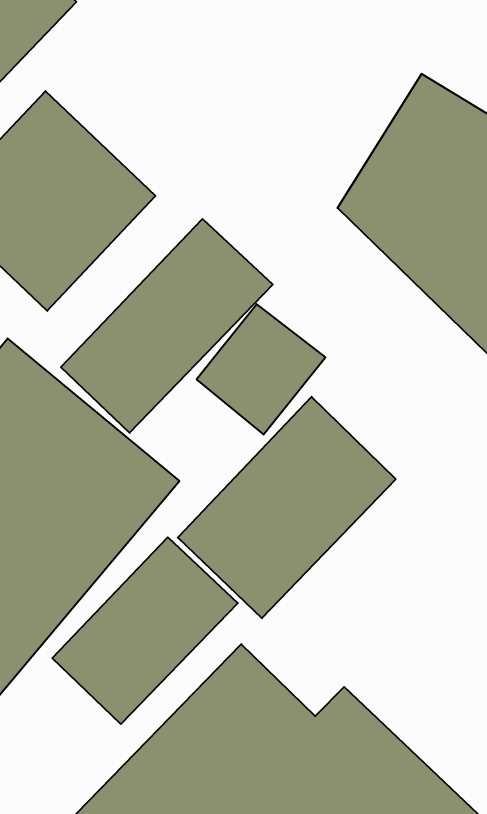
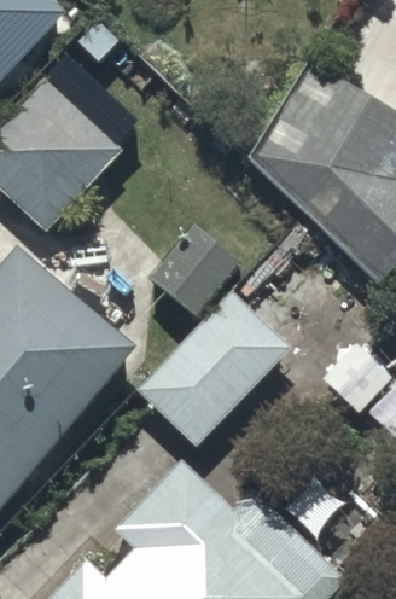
building: [61,219,273,433] -> none
building: [52,537,238,724] -> none

